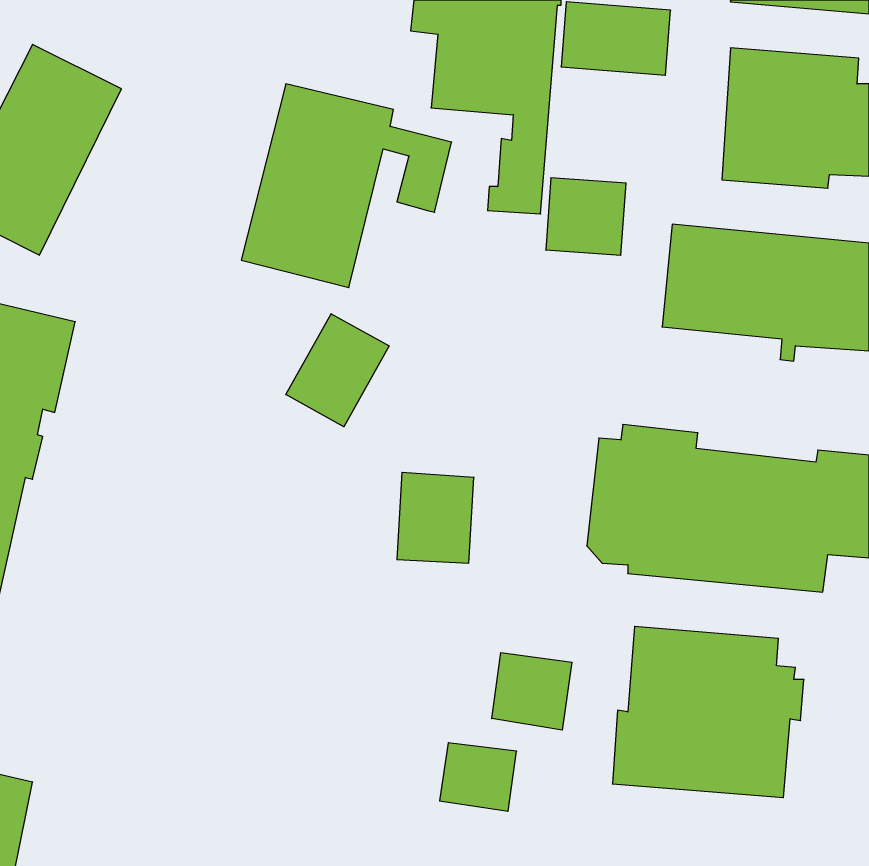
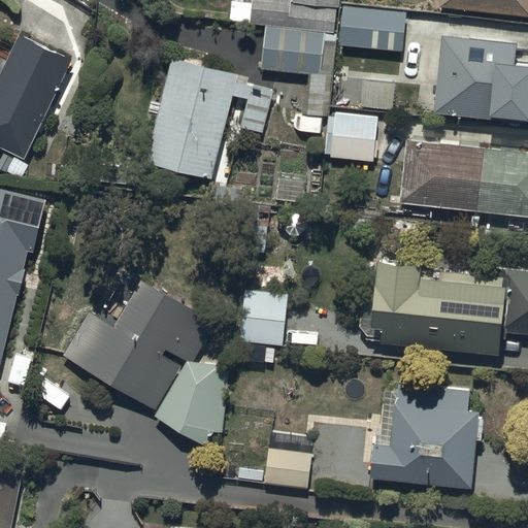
building: [286,314,389,427] -> none
building: none -> [61,276,229,446]
building: [492,653,572,730] -> none

